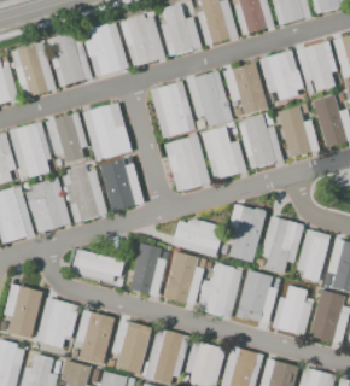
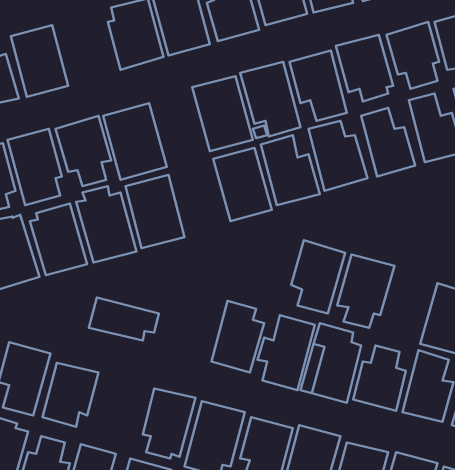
building: [46,34,92,87] -> none
building: [173,218,223,257] -> none
building: [296,230,331,282] -> none
building: [128,242,165,298] -> none
building: [75,310,115,365] -> none

